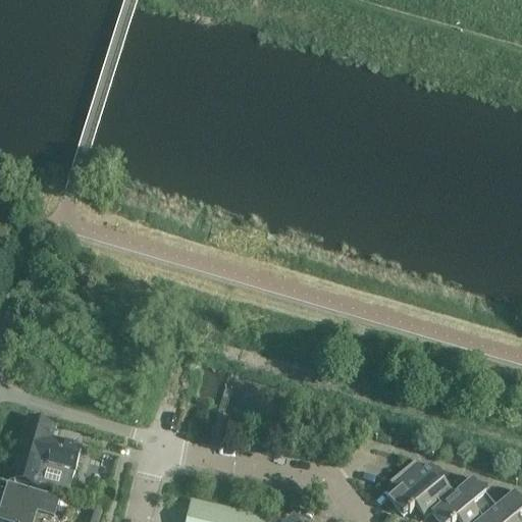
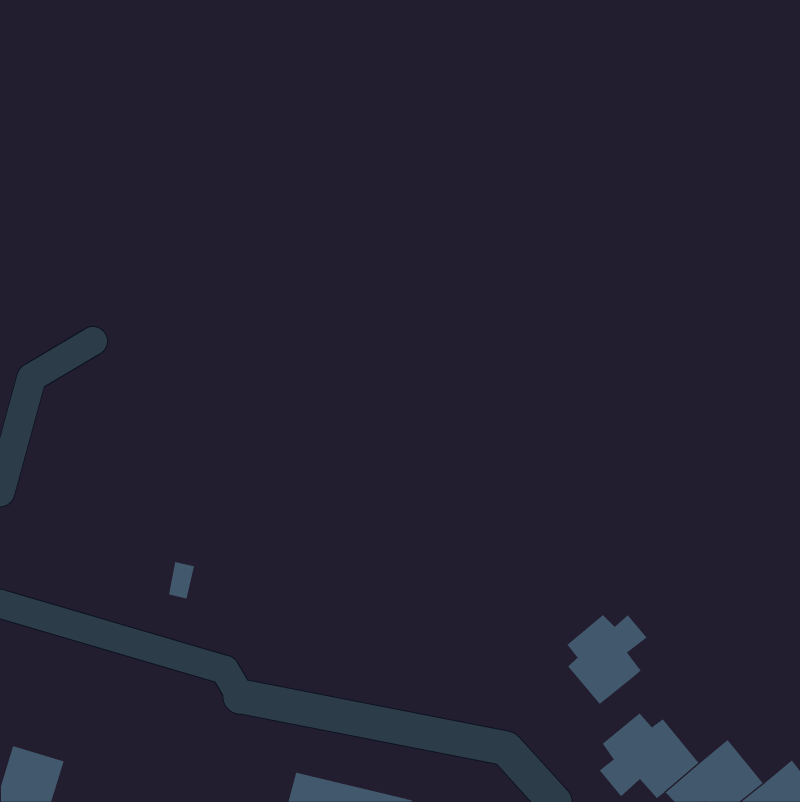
building: none -> [567,614,647,705]
building: [10,418,82,495] -> none

